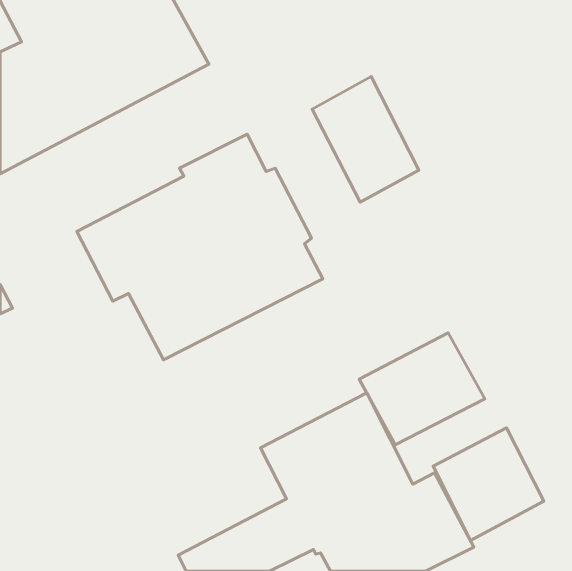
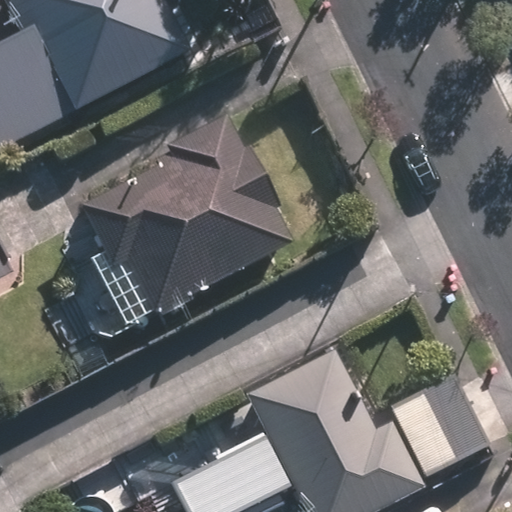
building: [312,76,419,202] -> none
building: [359,333,485,445] -> none

